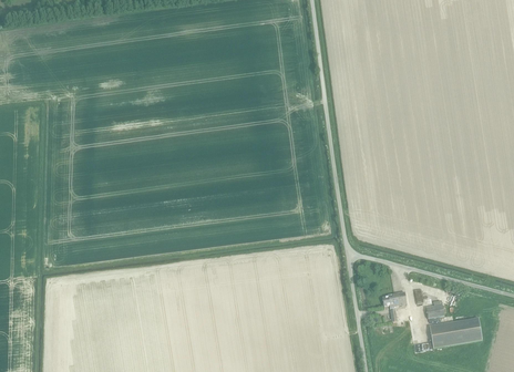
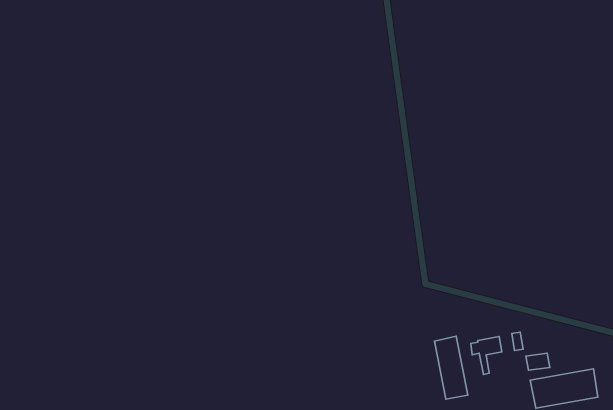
building: none -> [434,336,468,399]

